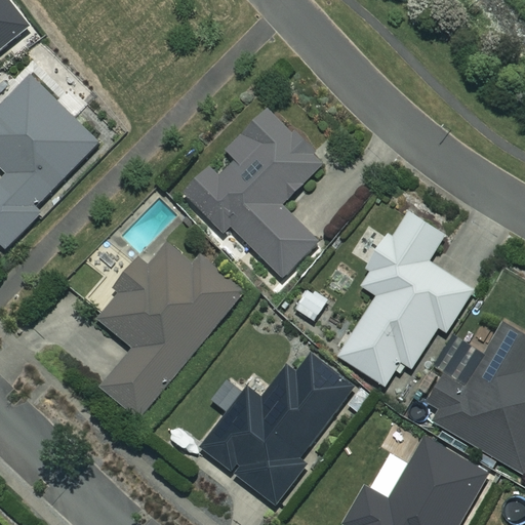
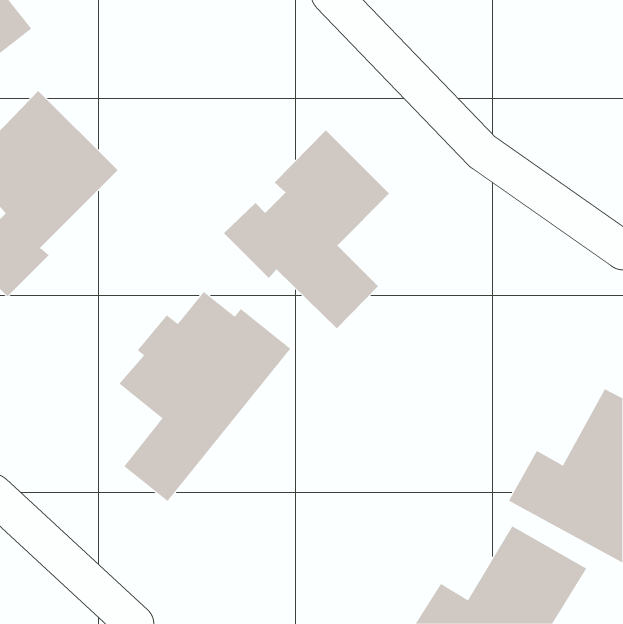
building: [339,210,472,385] -> none
building: [201,354,355,504] -> none

